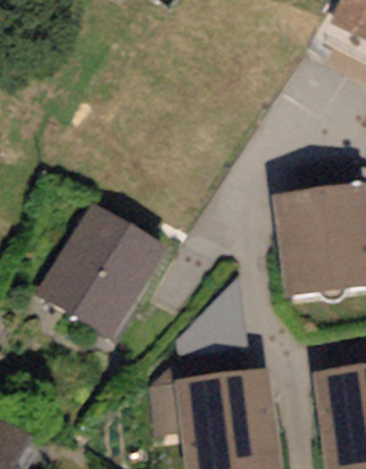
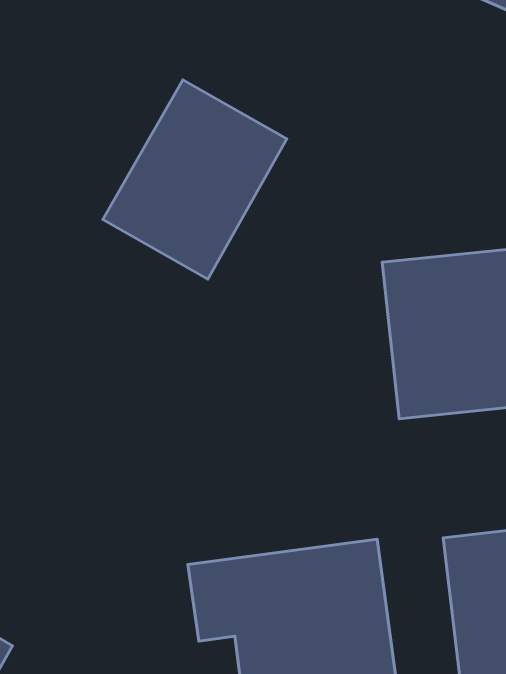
building: none -> [103,80,287,279]
building: [37,197,170,339] -> none

